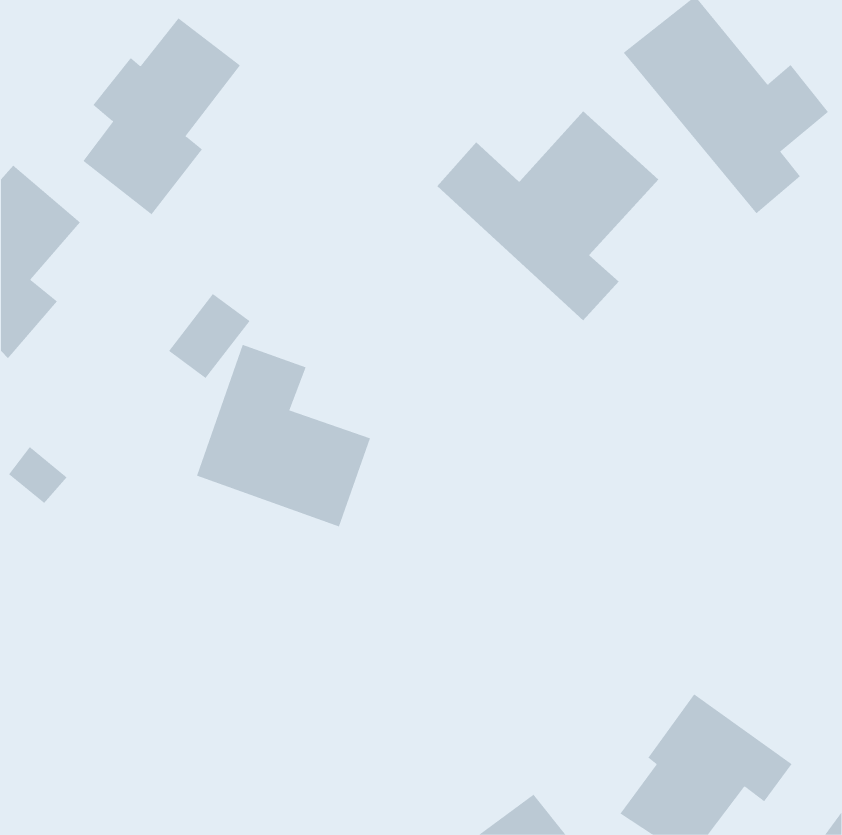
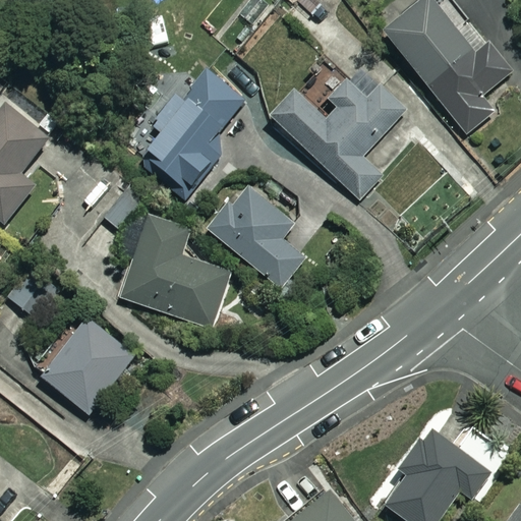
building: [83,18,241,215] -> [147,69,244,191]
building: none -> [212,185,310,287]
building: none -> [42,317,134,412]

